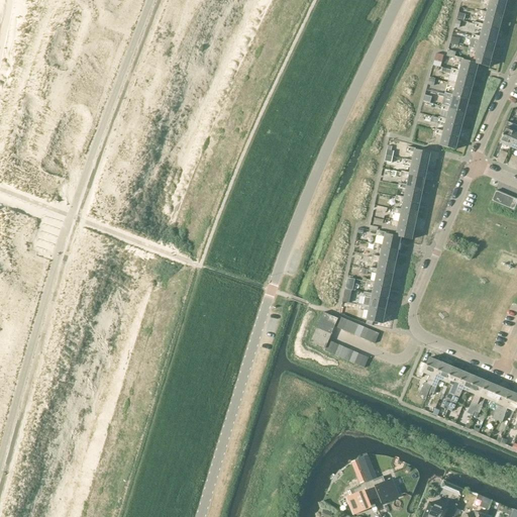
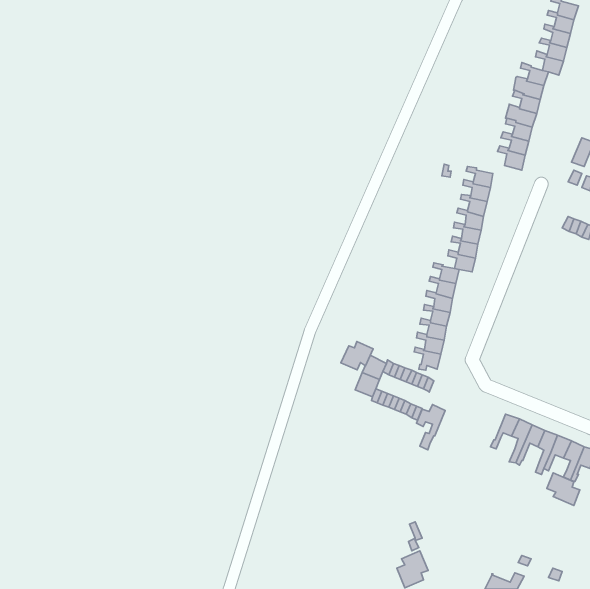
building: none -> [341,342,373,370]
building: [417,356,442,396] -> [416,405,445,450]
building: none -> [547,473,580,505]
building: [368,475,399,501] -> none

